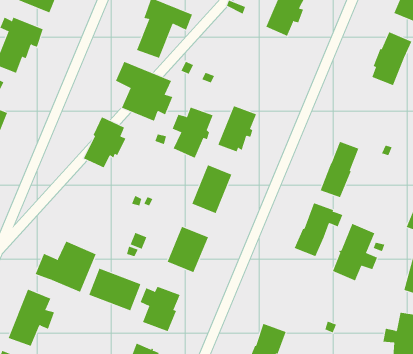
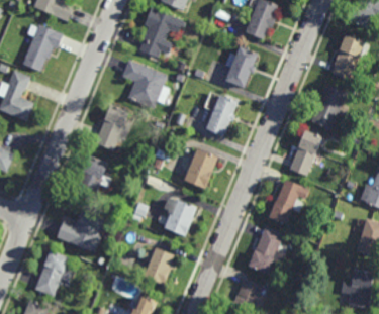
building: none -> [310,86,347,132]
building: [172,107,214,158] -> [223,48,258,91]
building: none -> [75,153,108,196]
building: [332,223,378,281] -> [248,225,285,273]
building: [89,268,141,311] -> none

